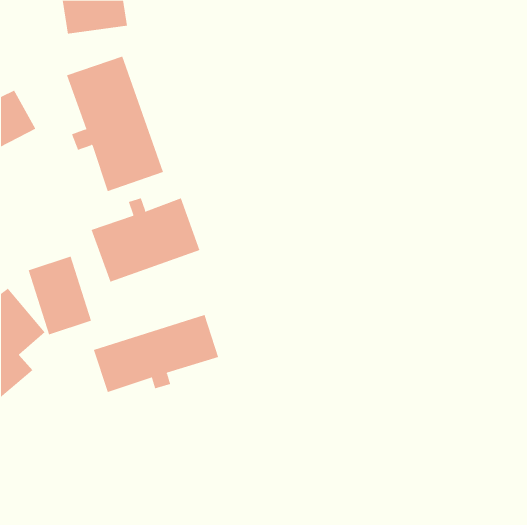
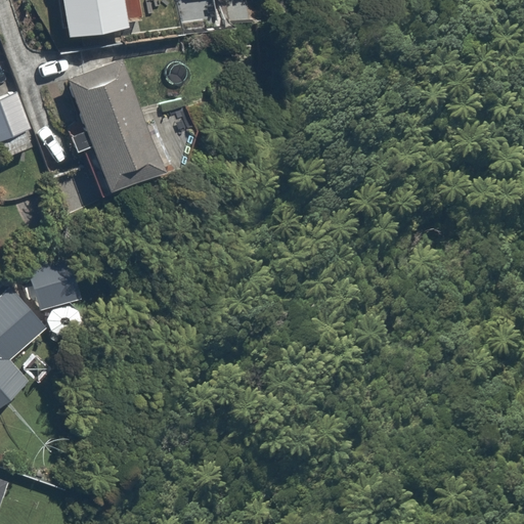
building: [91,197,200,282] -> none
building: [93,314,219,393] -> none

